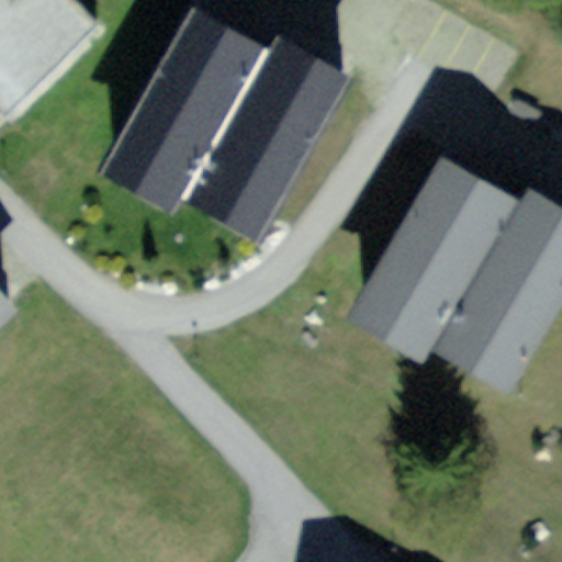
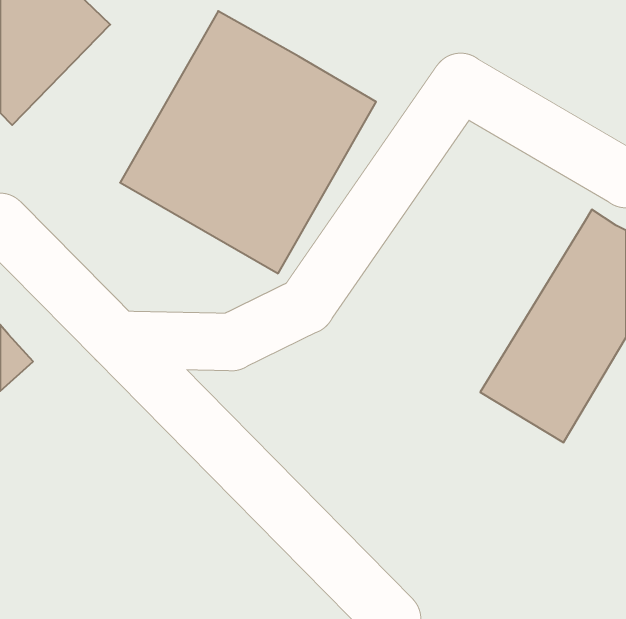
building: [346,151,524,361] -> none

